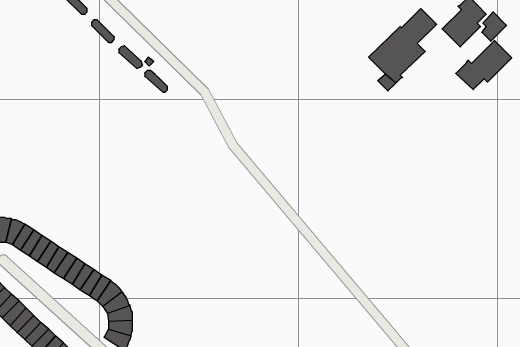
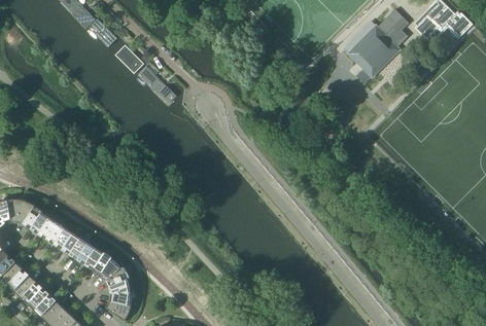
building: [456,40,512,90] -> none

